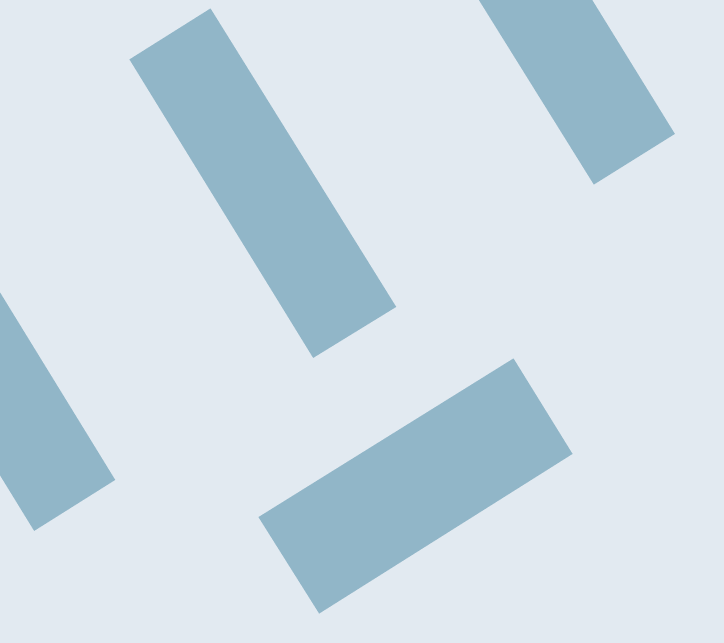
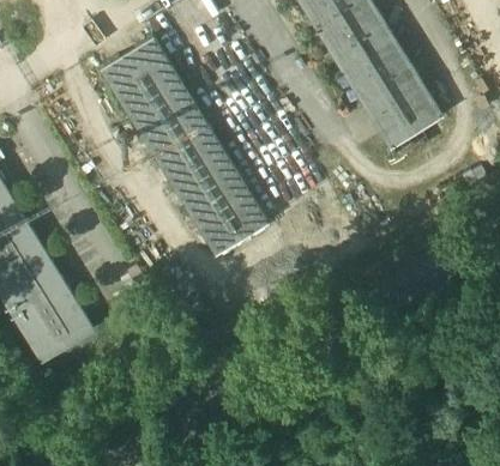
building: [257,357,574,615] -> none

